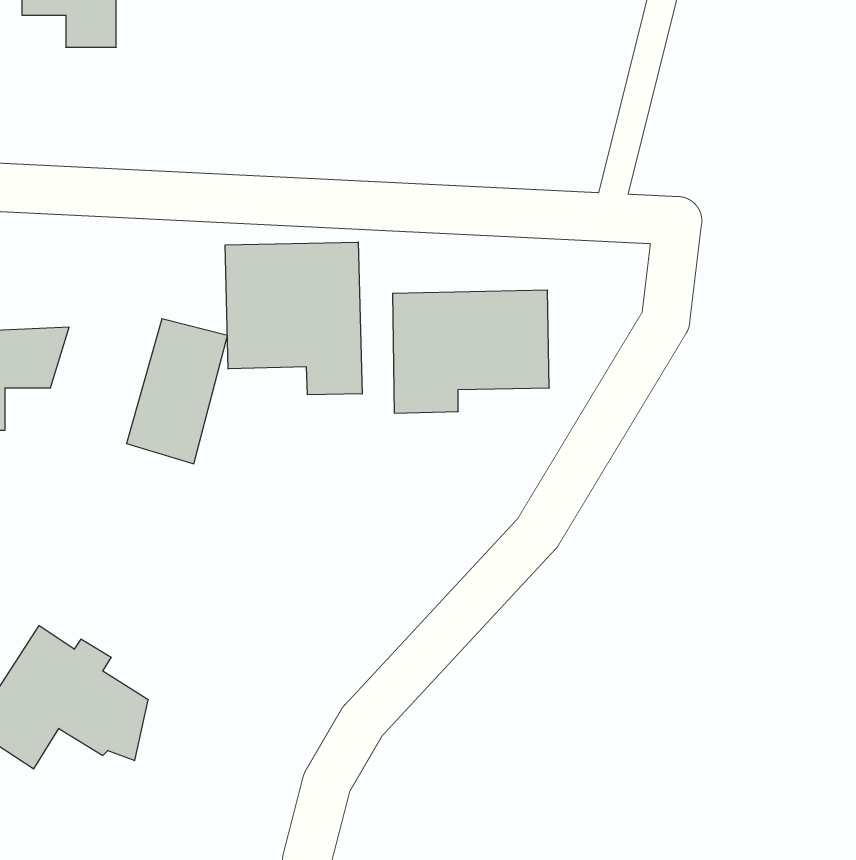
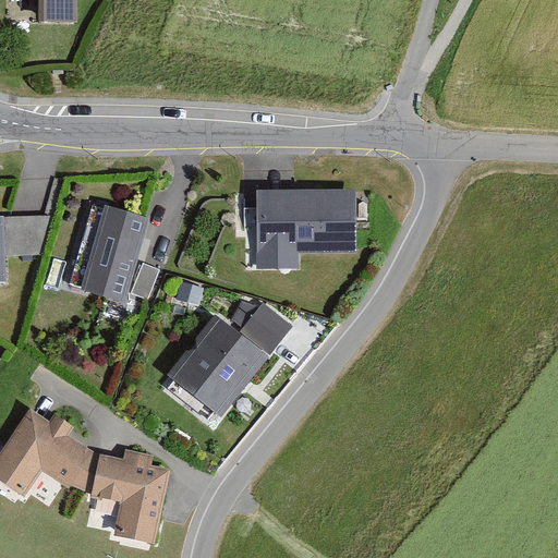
building: [225,242,362,395] -> none
building: none -> [166,304,286,418]
building: none -> [86,449,168,543]

